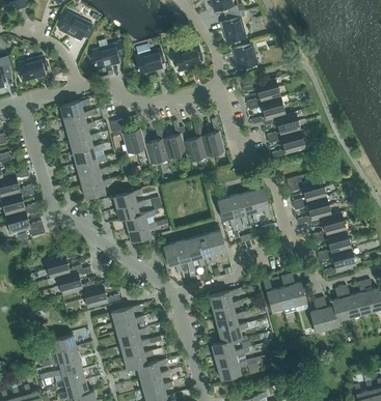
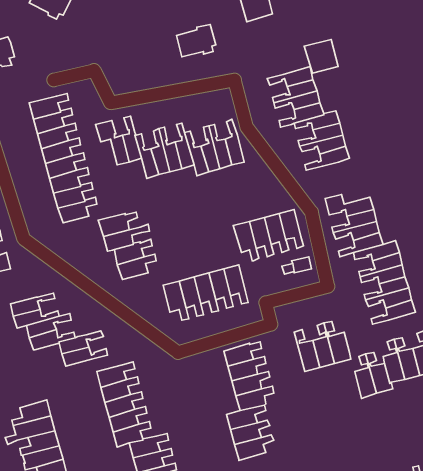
building: [91,40,125,68] -> none
building: [134,44,164,74] -> none
building: [232,44,257,69] -> [304,40,338,73]

